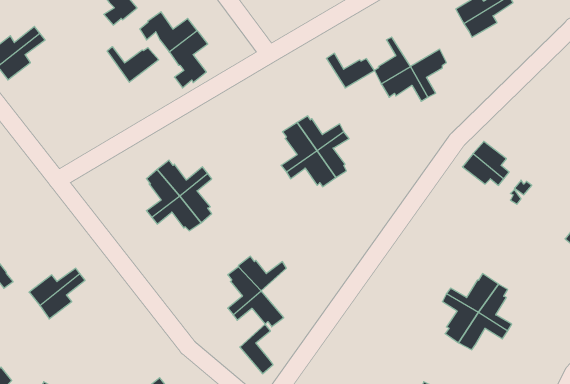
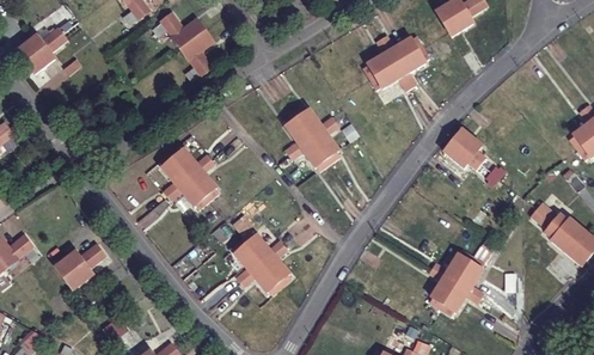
building: [107,47,159,82] -> none
building: [326,53,374,88] -> [379,31,422,62]
building: [240,324,273,374] -> [262,243,292,287]

